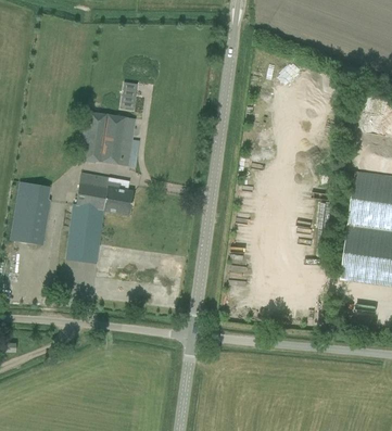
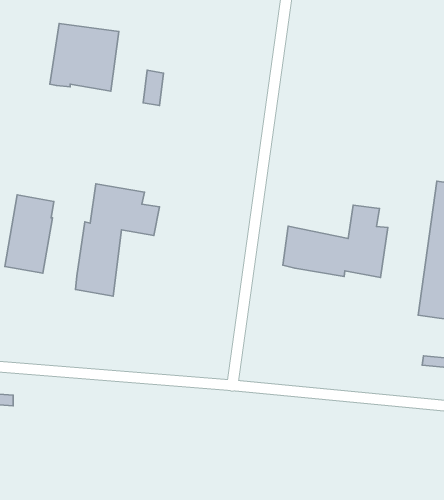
building: [79,110,135,164] -> [50,23,119,91]
building: none -> [283,205,388,278]

